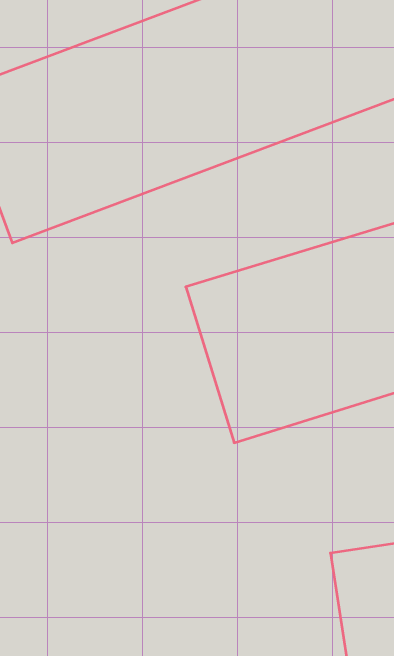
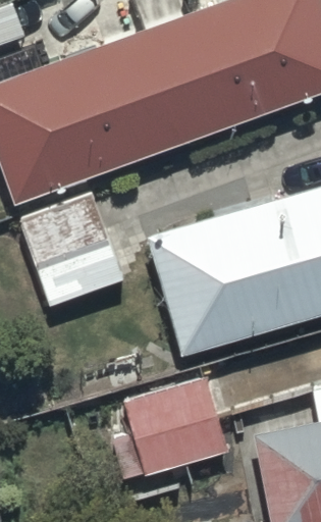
building: none -> [18,193,123,306]
building: none -> [123,377,229,478]

